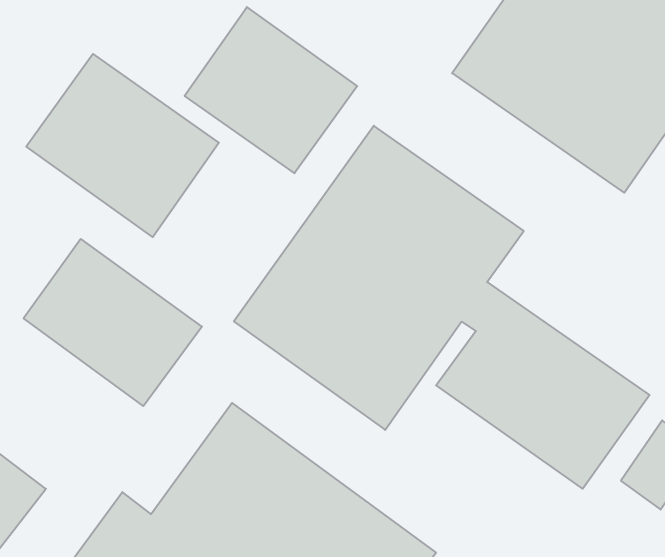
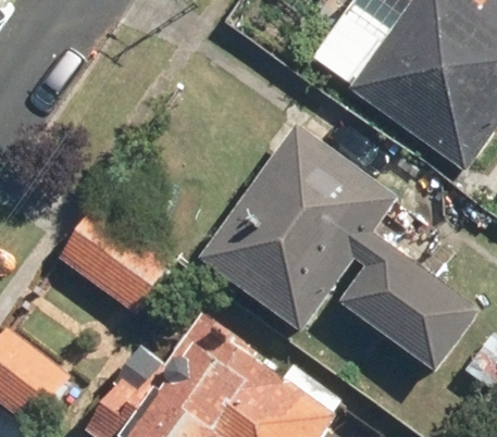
building: [185,7,357,173] -> none
building: [26,54,219,237] -> none

